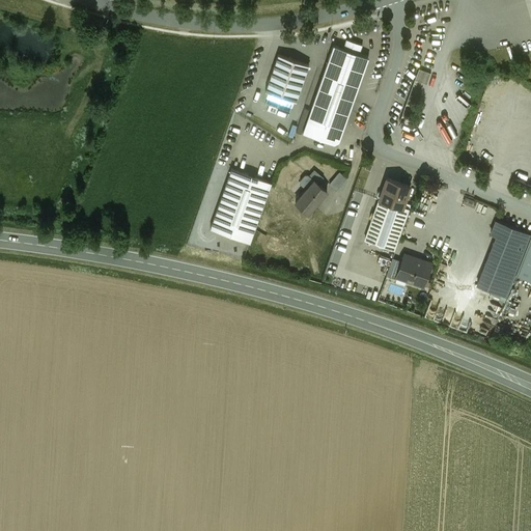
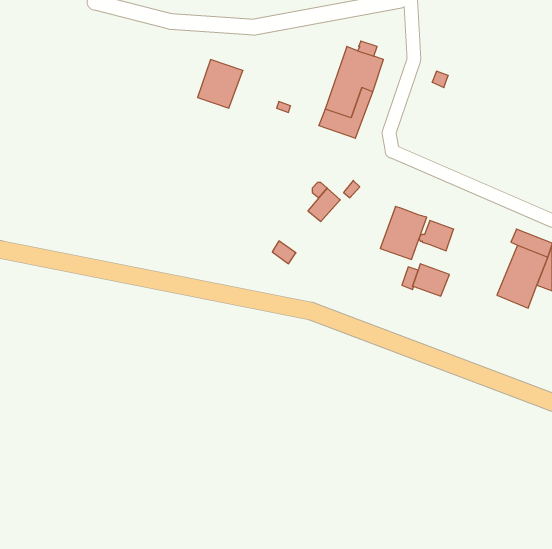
building: [266,57,309,104] -> [198,60,243,108]
building: [211,171,272,245] -> none
building: [376,180,410,209] -> [419,221,454,251]

